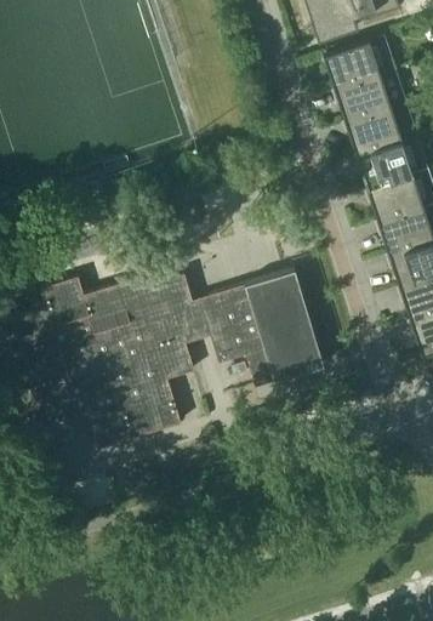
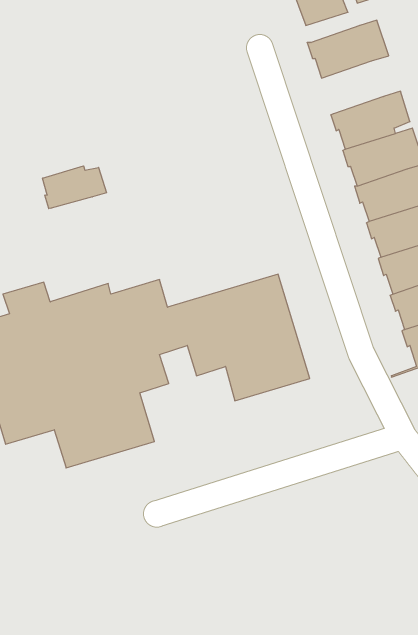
building: [334,67,409,120] -> none
building: none -> [43,166,106,209]

